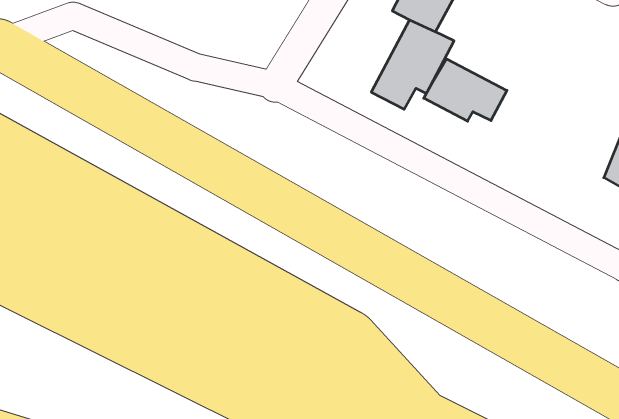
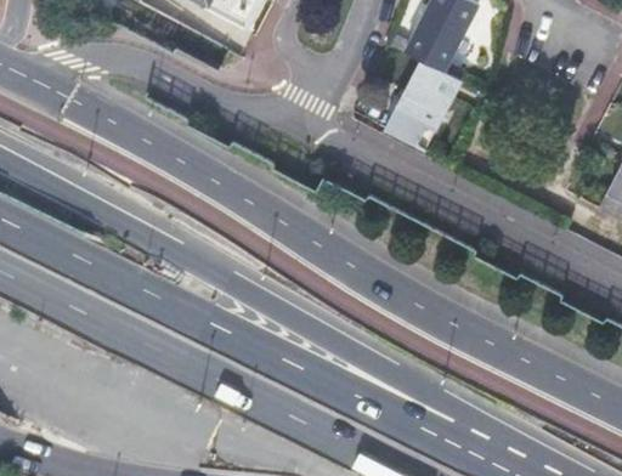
building: [424,59,507,121] -> none

